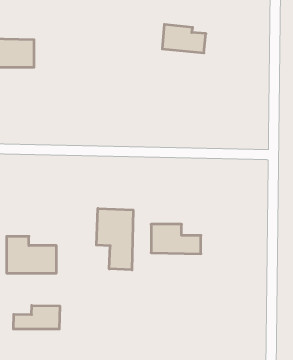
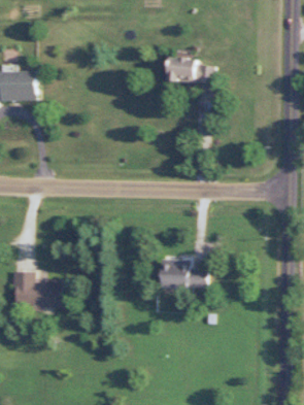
building: [96,208,133,270] -> none
building: [13,305,60,329] -> none

